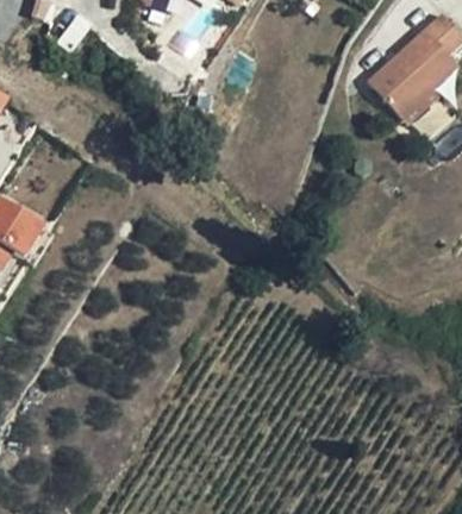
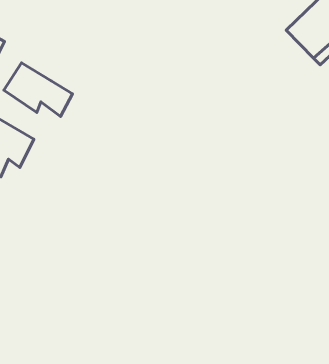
building: none -> [4,63,73,116]

